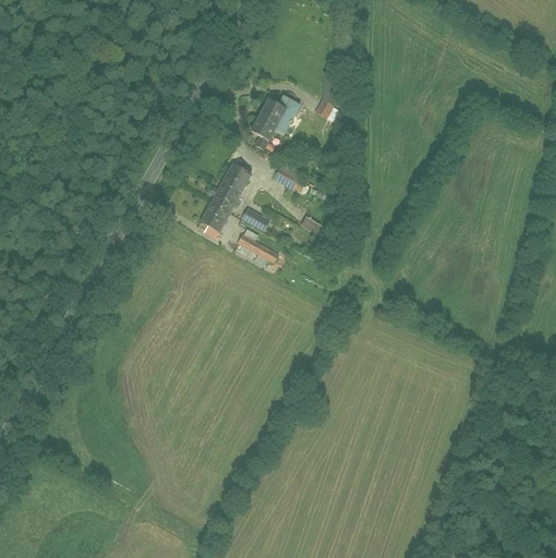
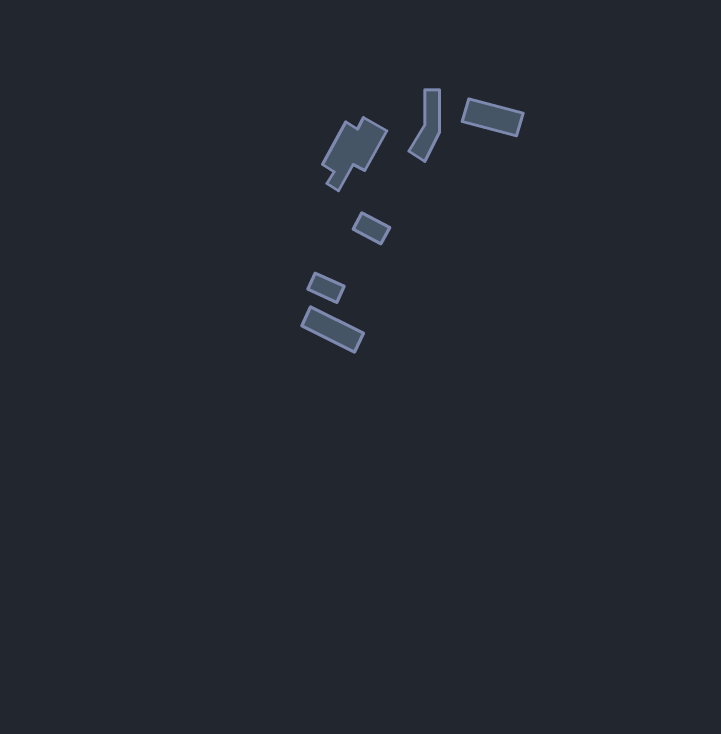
building: none -> [462,99,523,136]
building: [201,161,251,230] -> none

